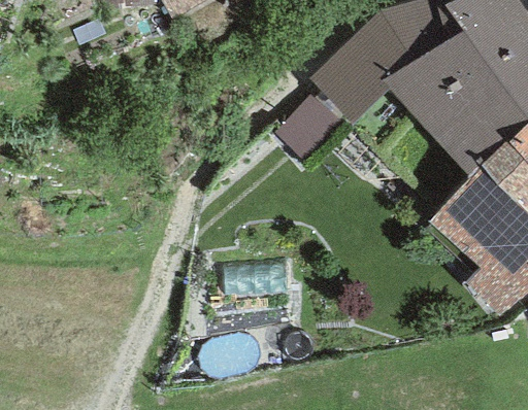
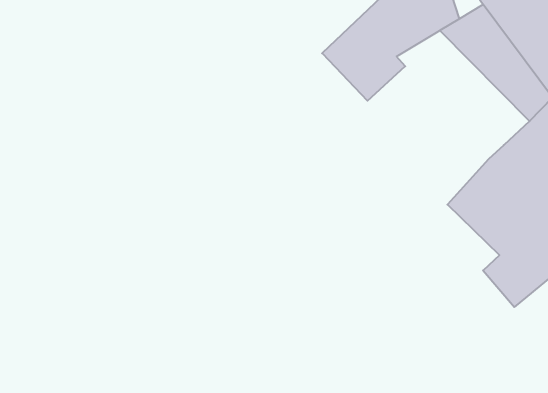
building: [383,55,509,177] -> none

